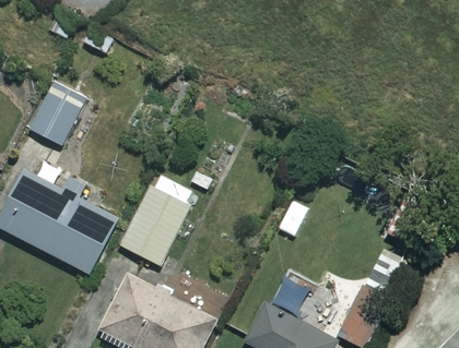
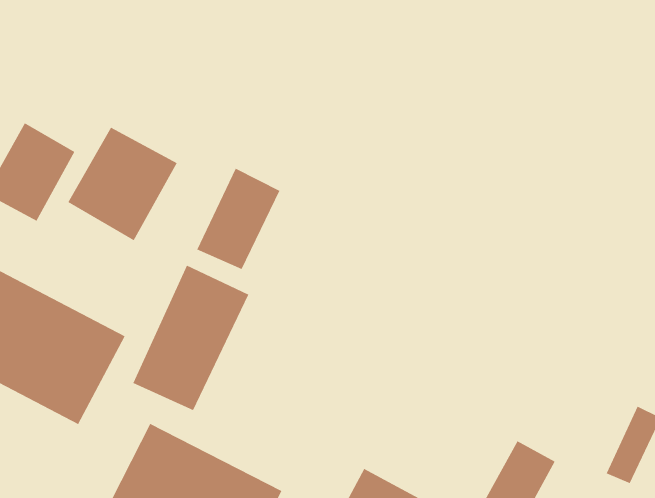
building: none -> [68,127,178,241]
building: none -> [196,168,280,270]

